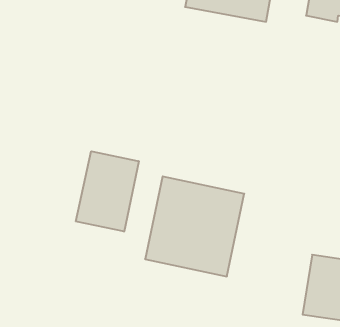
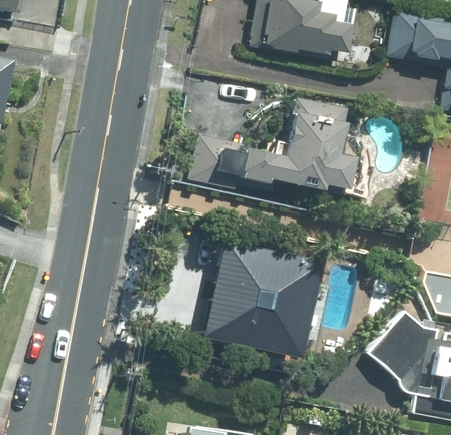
building: none -> [189,98,355,190]
building: [76,151,139,232] -> none

